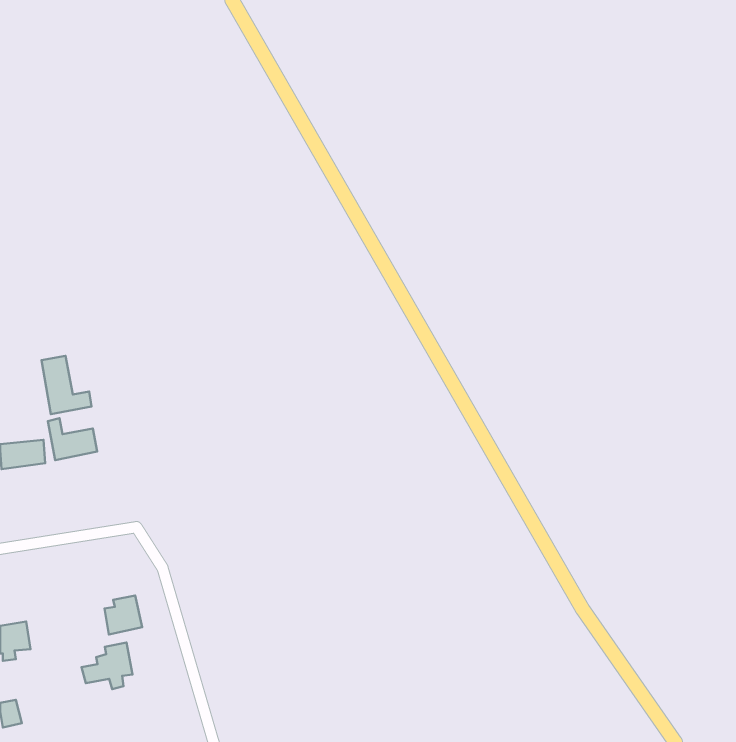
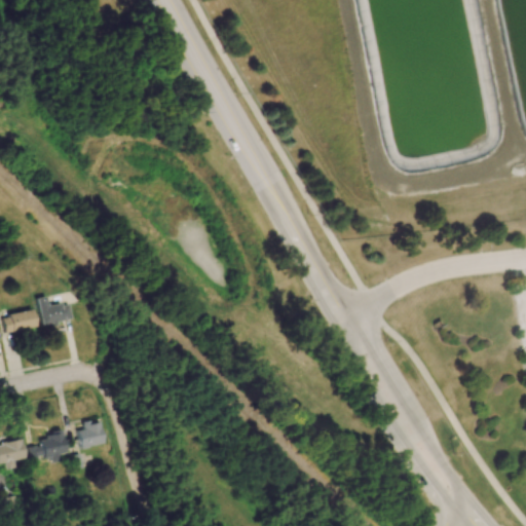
building: [42,356,91,414] -> none
building: [82,643,132,689] -> [31,430,67,463]

